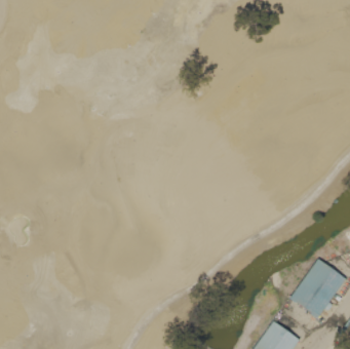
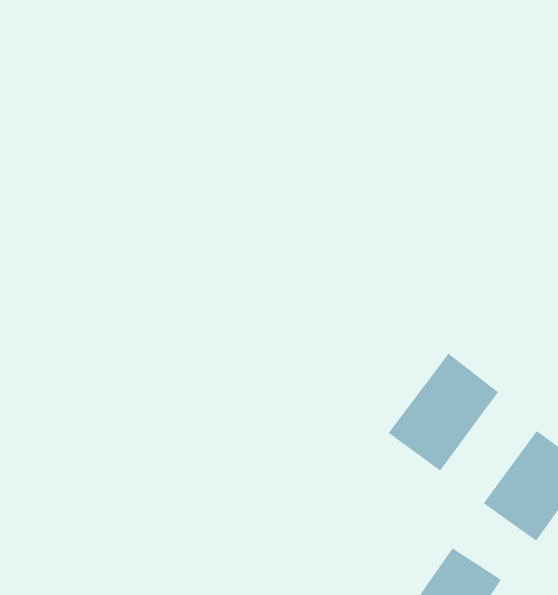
building: none -> [388,353,499,472]

